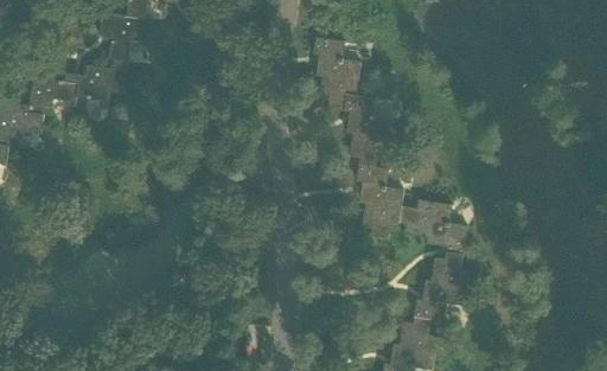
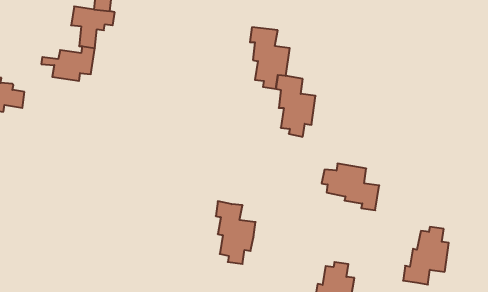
building: [30,64,79,114] -> none
building: [357,164,404,238] -> [216,201,256,264]
building: [414,252,468,321] -> [403,227,449,285]

